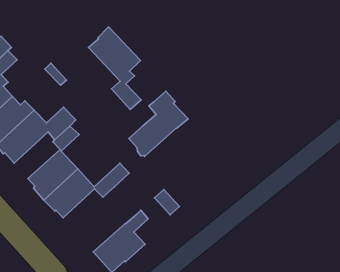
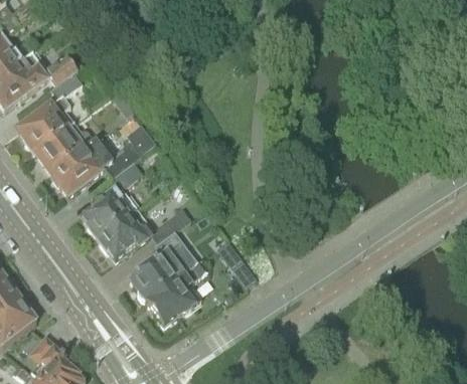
building: [89,27,141,110] -> none
building: [129,91,188,156] -> [128,232,194,301]
building: none -> [123,125,154,156]

